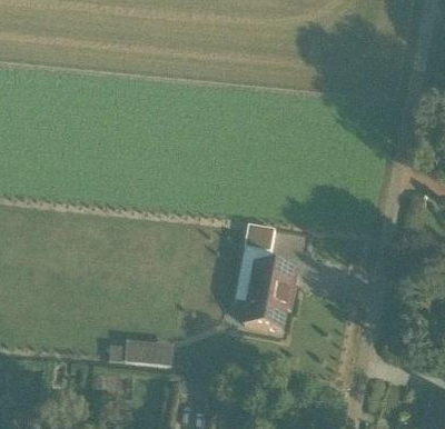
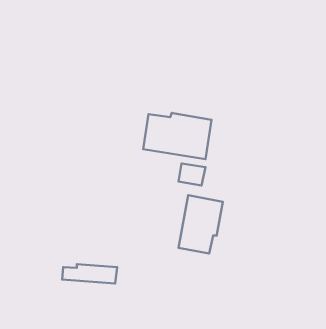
building: none -> [143,113,211,159]

